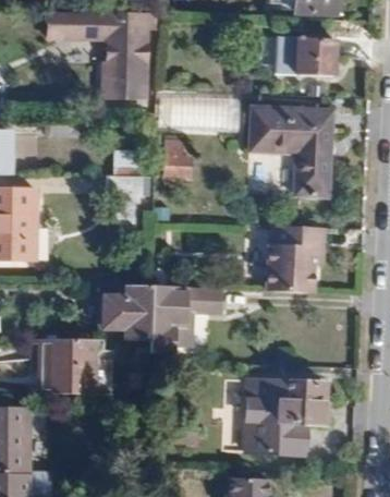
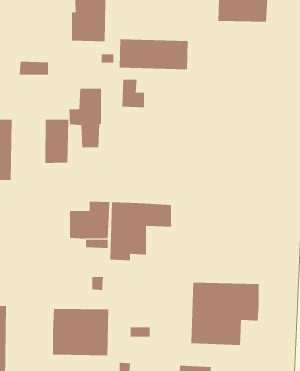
building: [249,107,331,196] -> none
building: none -> [45,119,69,164]
building: [266,226,320,293] -> none
building: [28,339,95,395] -> [52,308,109,356]

